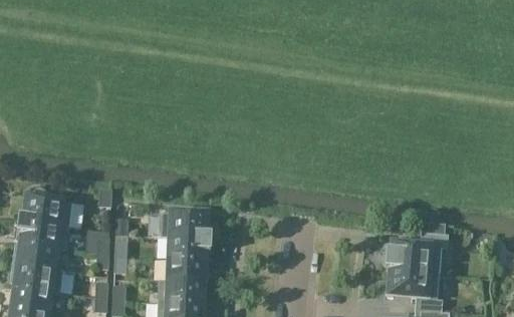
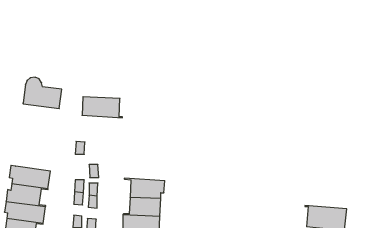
building: [22,187,70,226] -> [23,77,62,109]
building: [160,212,210,238] -> [82,97,122,118]
building: [384,233,447,273] -> none

